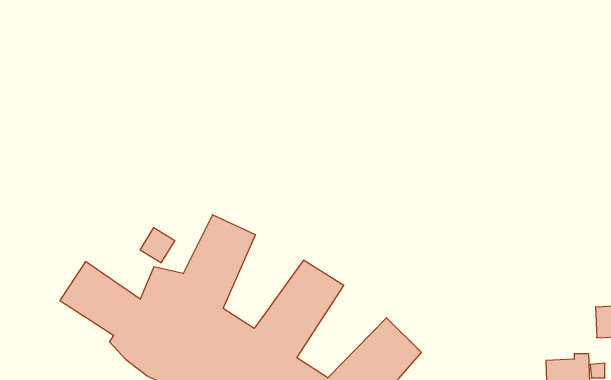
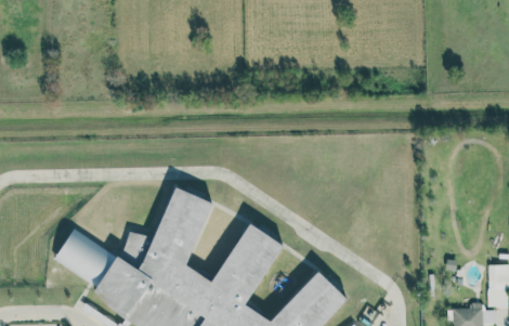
building: [140,228,175,263] -> none

